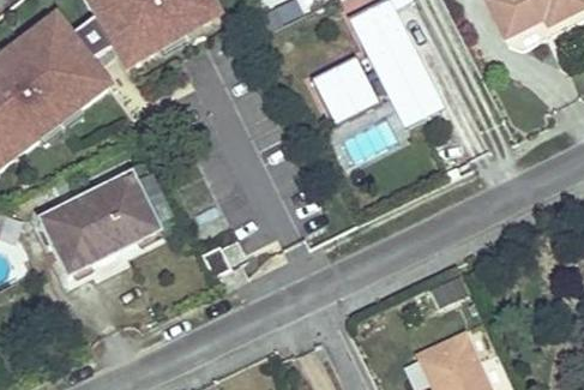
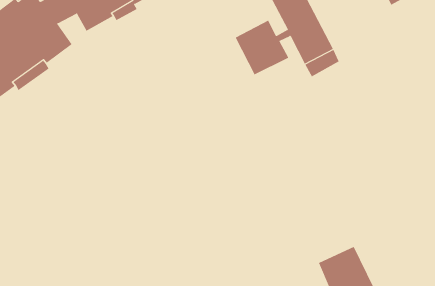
building: [38,180,159,283] -> none

